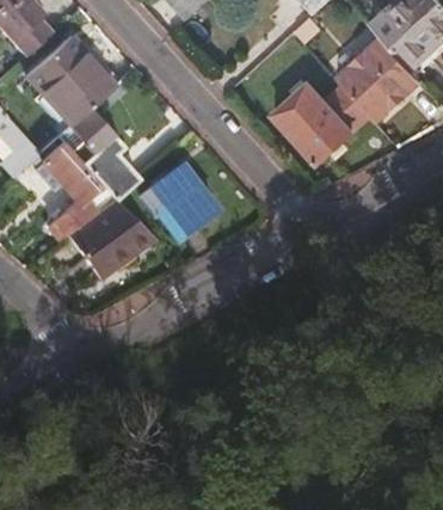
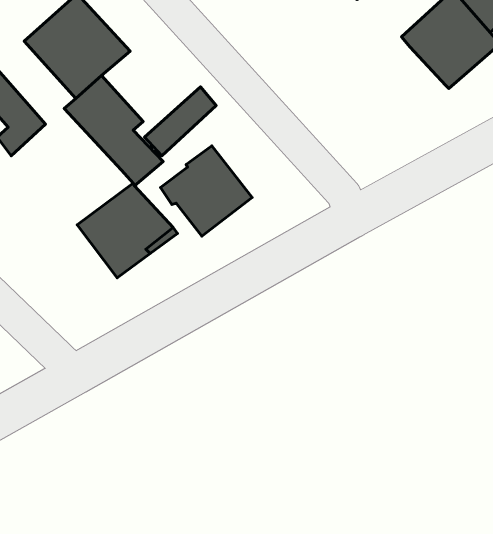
building: [273,85,370,162] -> none
building: [43,148,113,238] -> none

